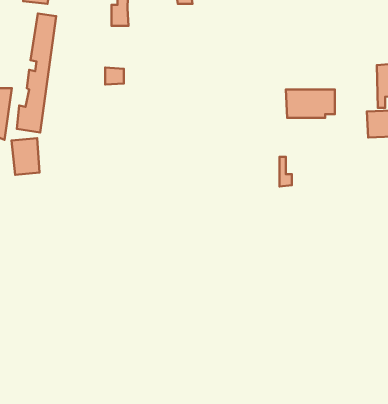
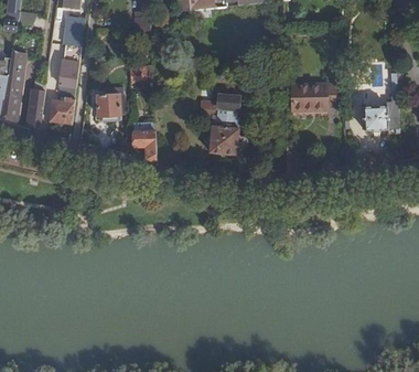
building: none -> [200,94,246,155]
building: [11,138,40,175] -> [97,93,122,126]
building: none -> [132,129,155,160]

